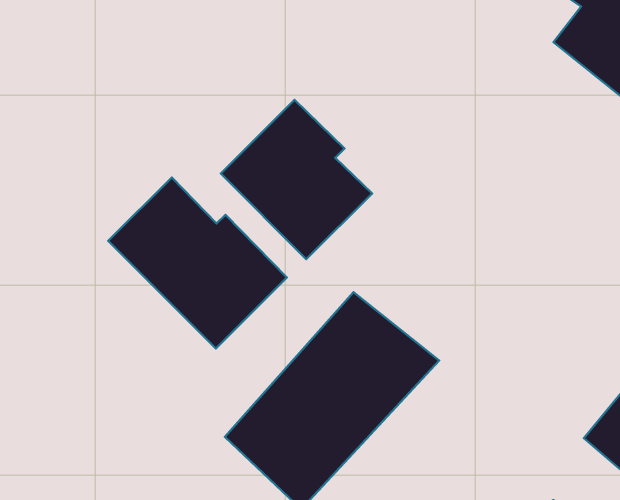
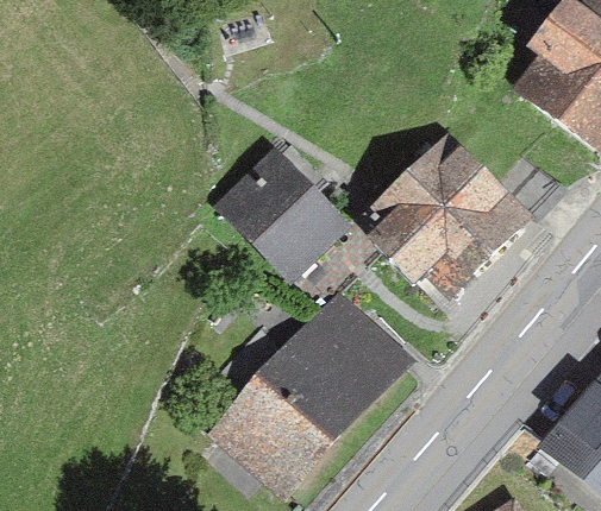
building: none -> [367,132,533,298]
building: [108,177,287,349] -> none

